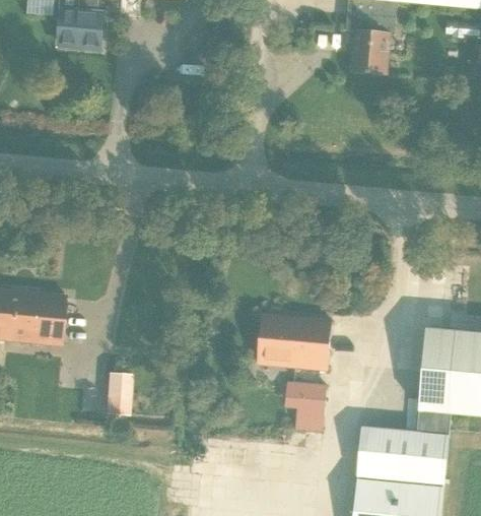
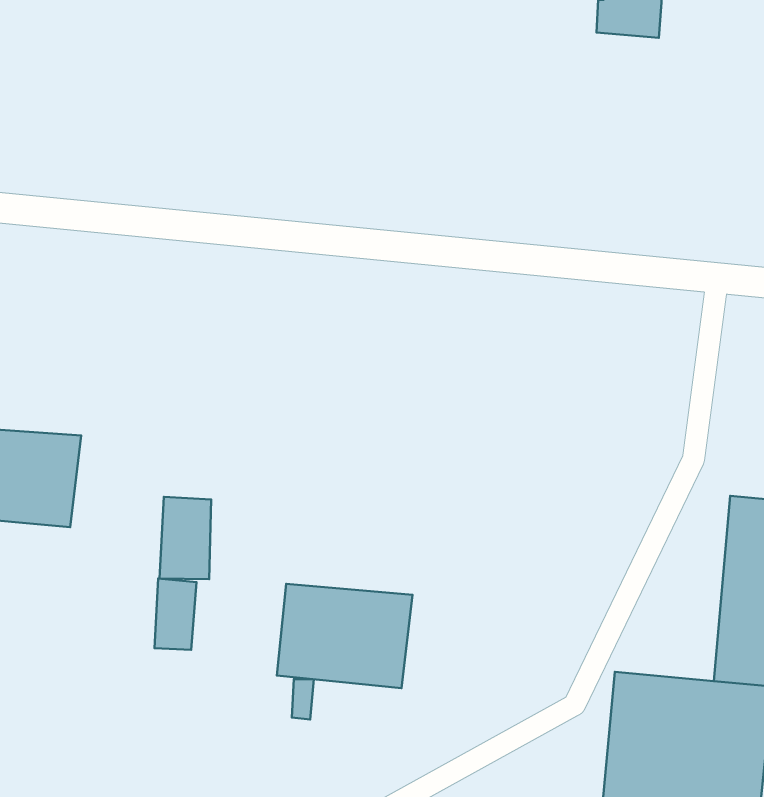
building: [258,312,333,370] -> [277,584,413,688]
building: none -> [160,497,211,579]
building: [285,381,326,430] -> none

